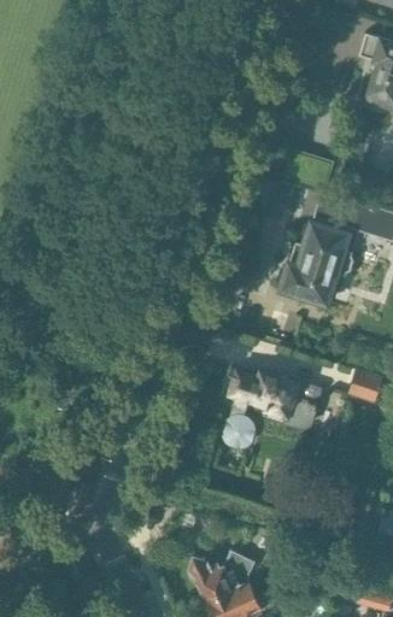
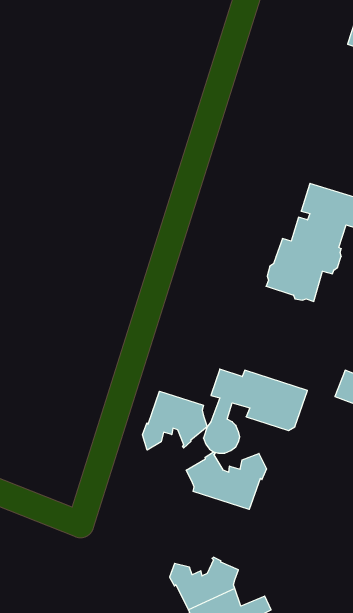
building: none -> [142,391,207,450]
building: none -> [186,452,266,509]

